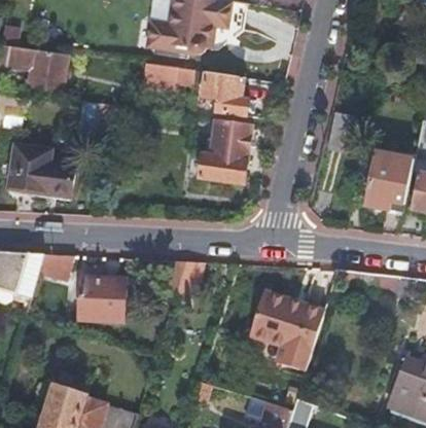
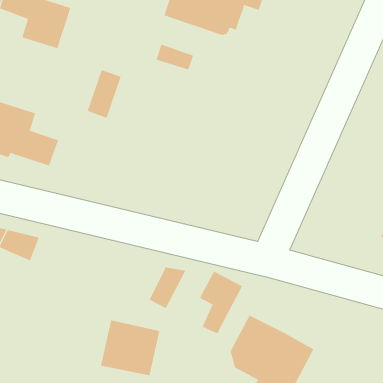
building: [203,73,256,117] -> none
building: [188,119,252,183] -> none
building: none -> [199,271,243,334]
building: [79,279,126,321] -> [100,320,160,376]

